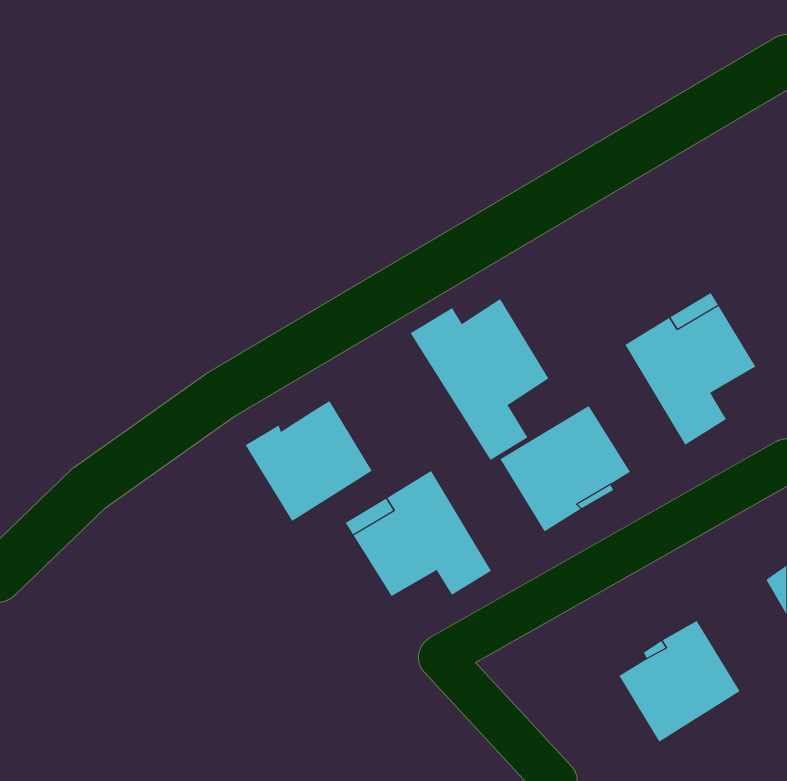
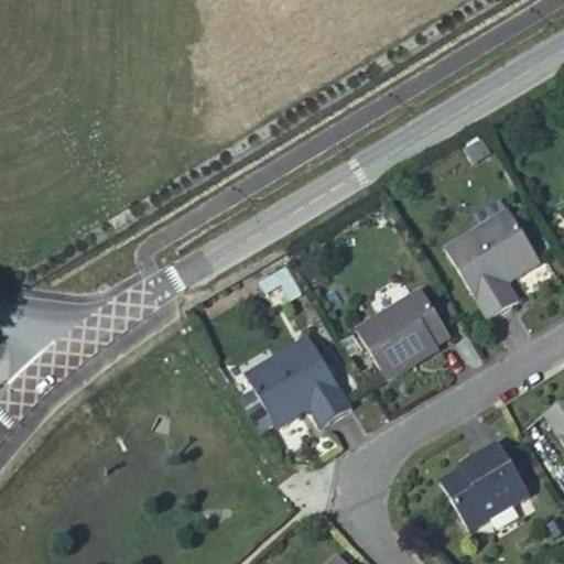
building: [410,298,549,461] -> none
building: [245,400,372,522] -> none

